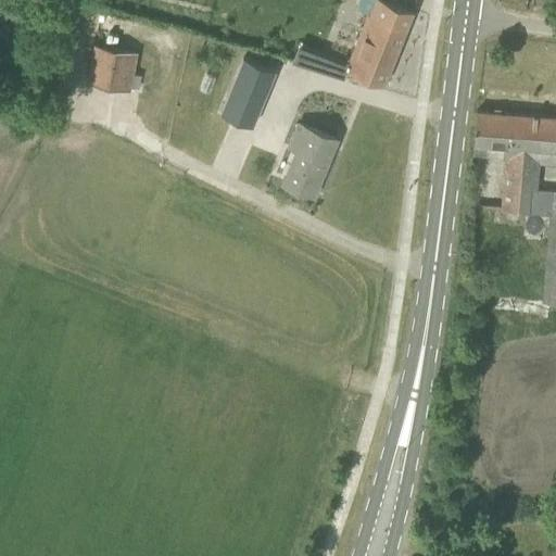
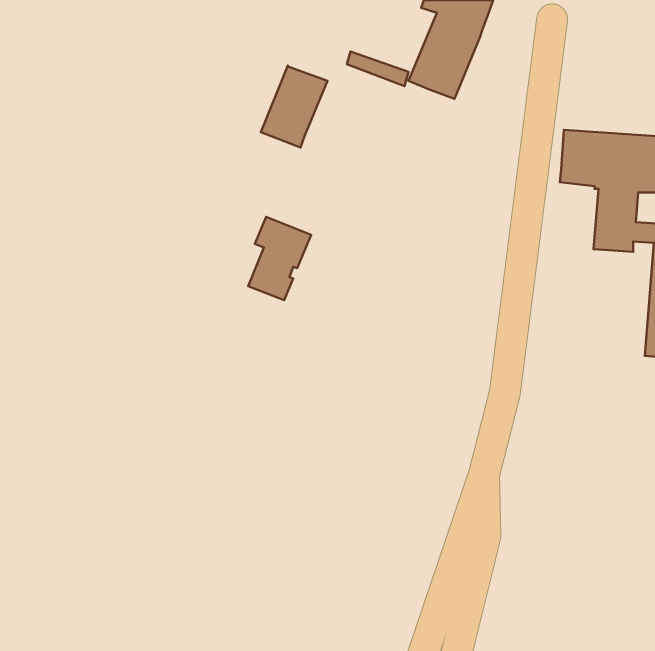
building: [88,48,139,93] -> none
building: [286,127,339,198] -> [248,217,311,300]

